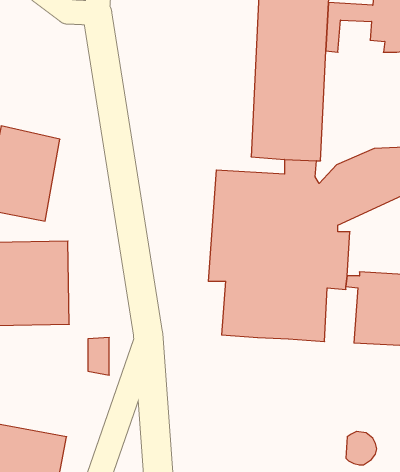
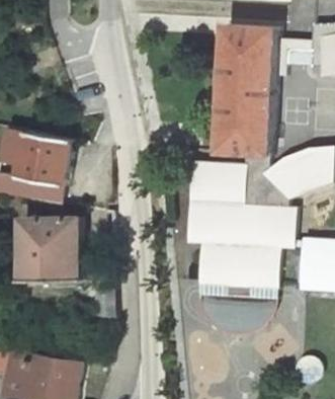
building: none -> [196,289,273,339]

